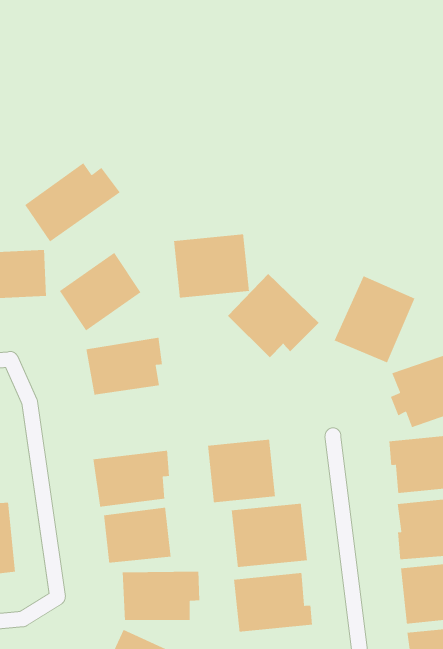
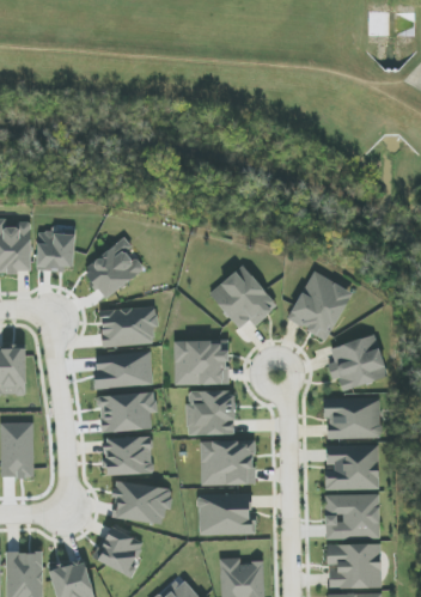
building: [24,162,121,242] -> none
building: [173,234,250,299] -> [173,340,228,385]
building: none -> [93,352,152,388]

